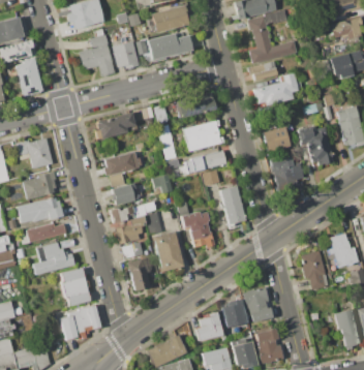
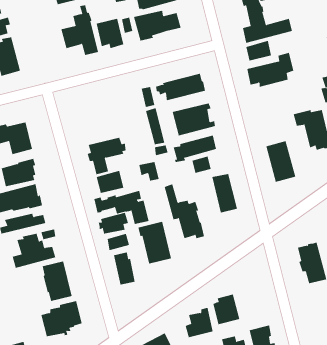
building: [95,112,134,138] -> none
building: [263,126,290,151] -> none
building: [242,286,272,321] -> none

